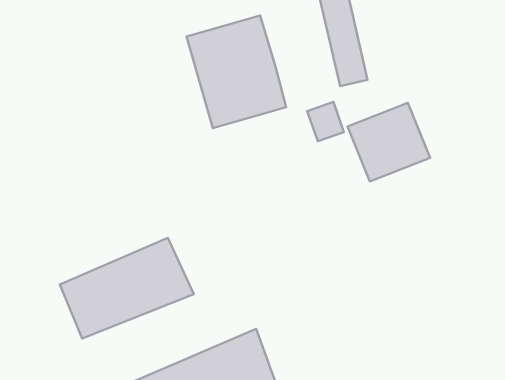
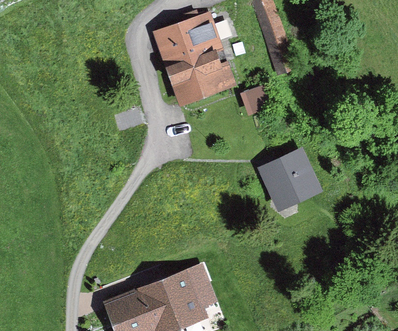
building: [347,103,430,181] -> [259,148,322,208]
building: [60,238,194,338] -> none

